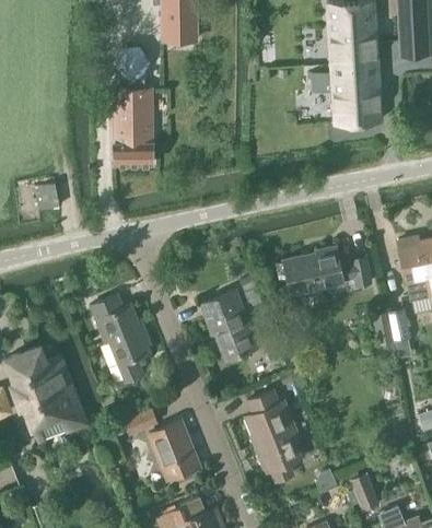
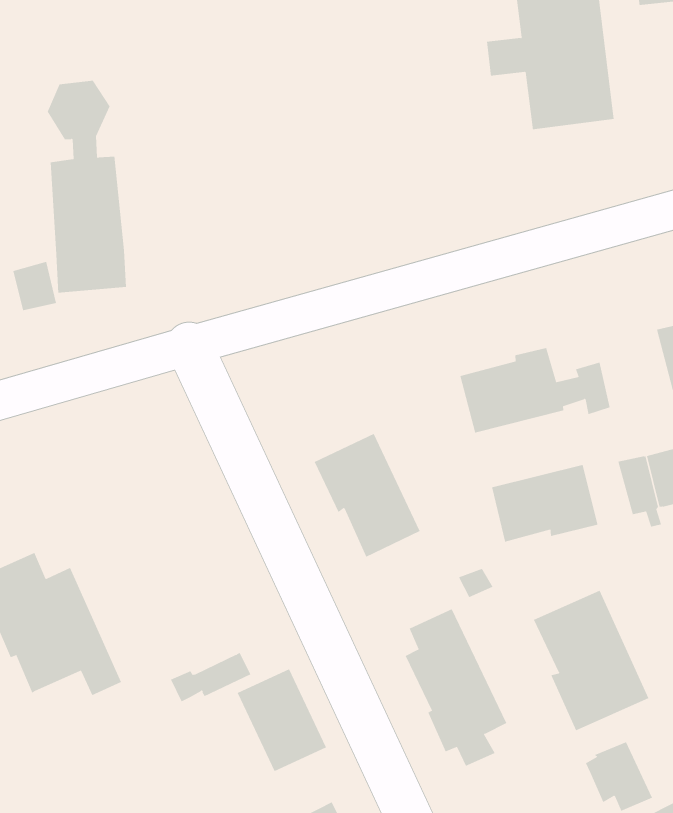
building: [114,46,153,165] -> [47,80,127,293]
building: [91,295,150,383] -> none
building: none -> [491,464,598,542]
building: none -> [533,590,649,731]

